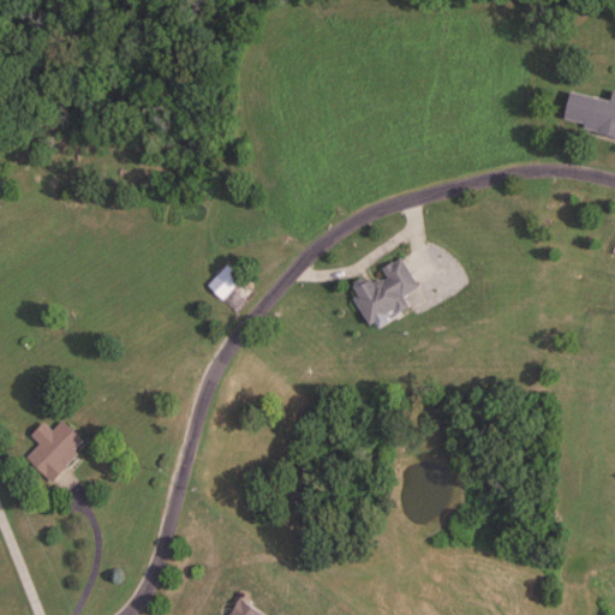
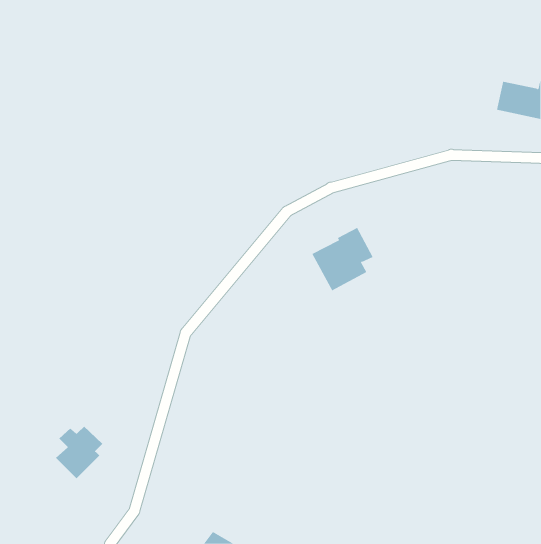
building: [205,264,241,300] -> none
building: [26,420,80,480] -> [55,426,103,479]

